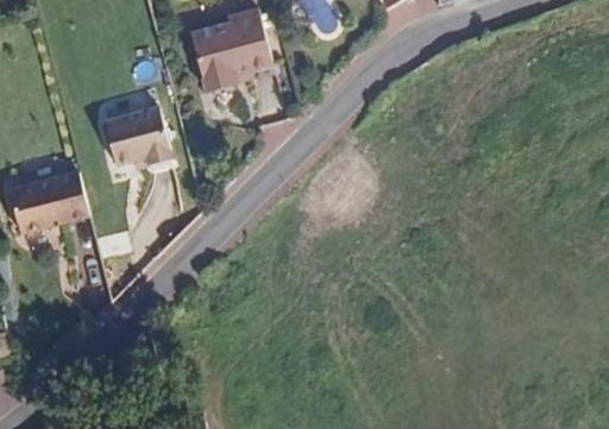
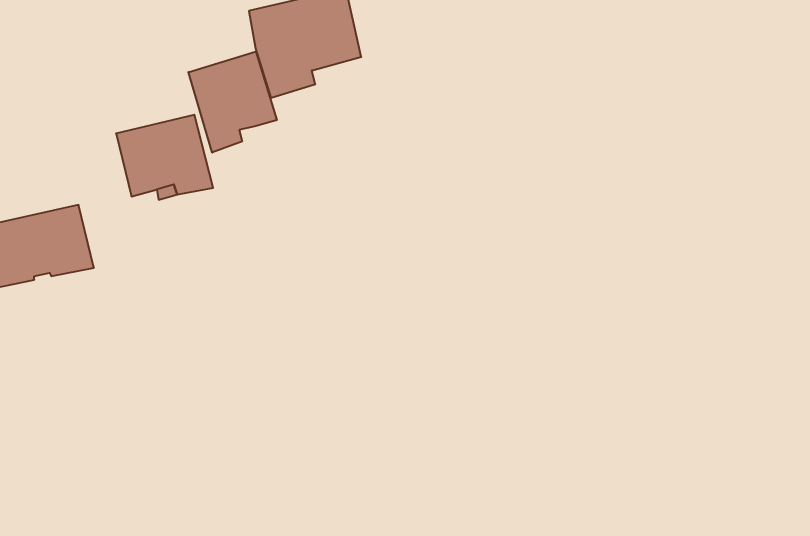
building: none -> [188,51,277,153]

